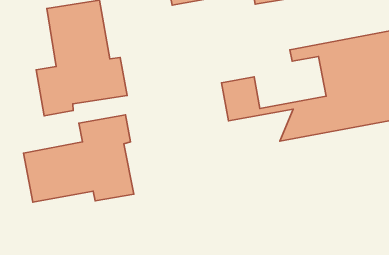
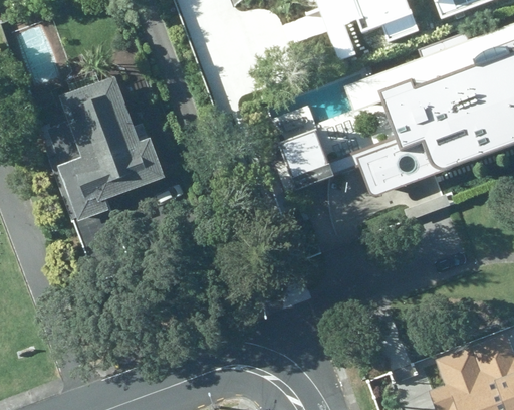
building: [23,115,134,202] -> none

